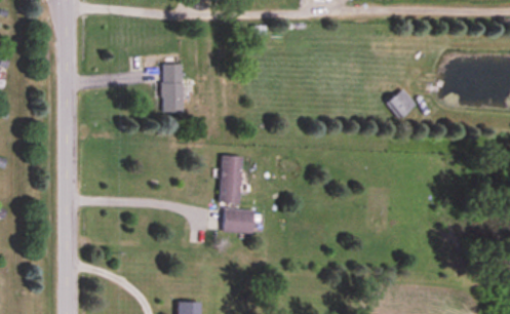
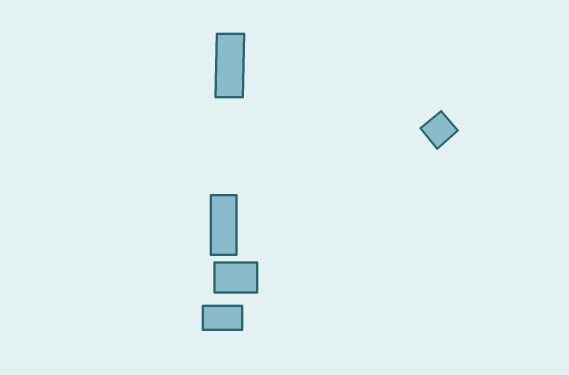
building: [161,63,184,113] -> [216,34,244,97]
building: none -> [203,306,242,330]

